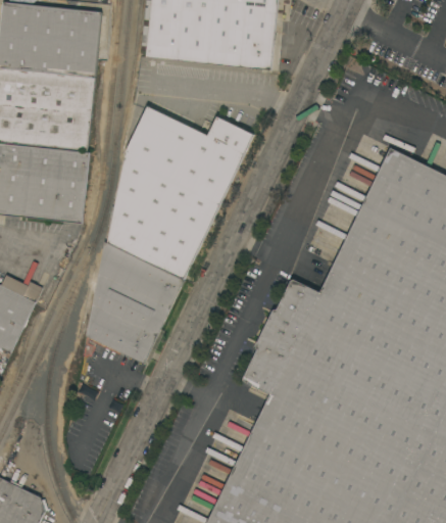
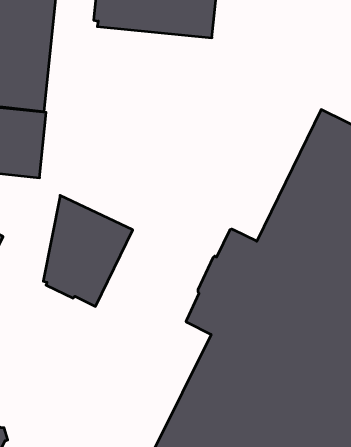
building: [108,105,254,279] -> none

